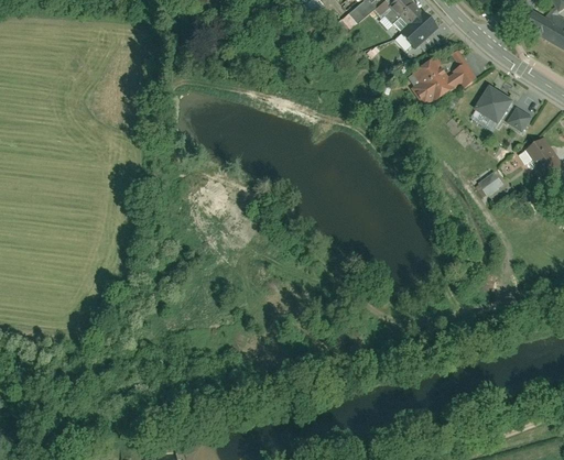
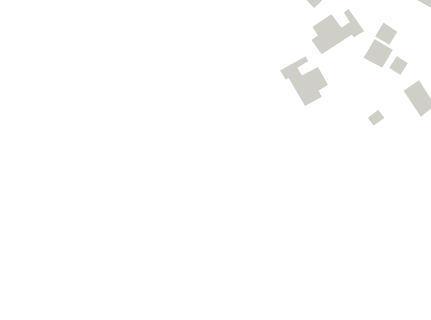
building: none -> [374,22,398,46]
building: none -> [279,55,329,107]

